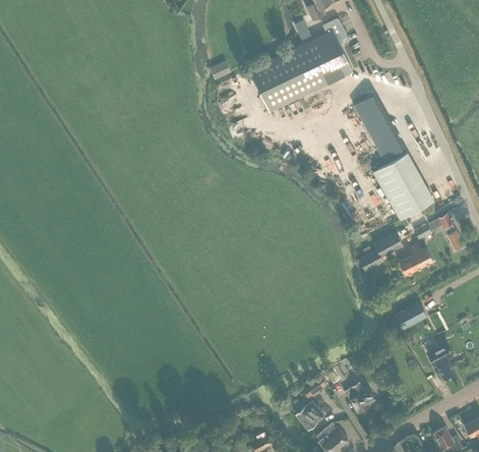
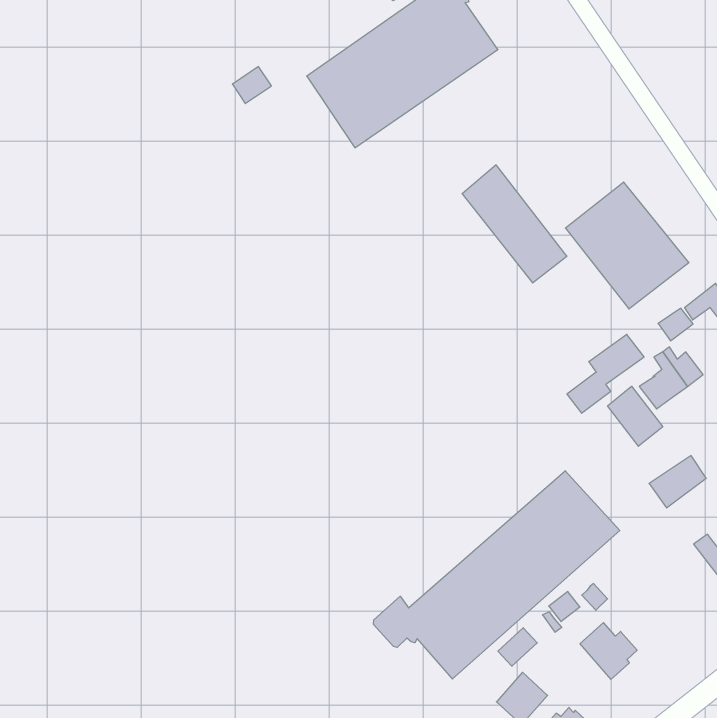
building: [354,94,404,159] -> [462,165,567,283]
building: none -> [608,386,663,446]
building: none -> [374,471,620,679]

